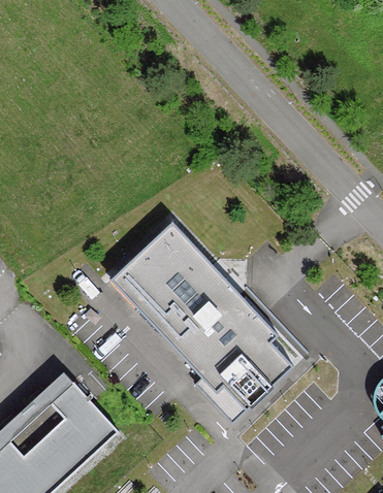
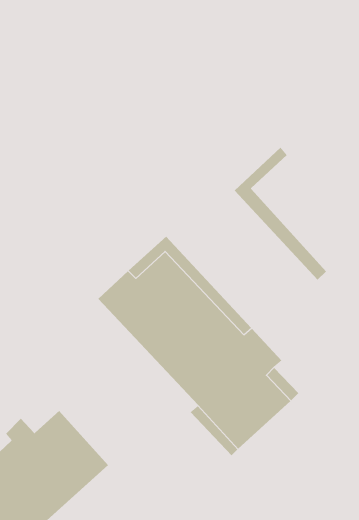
building: none -> [234,147,327,281]

